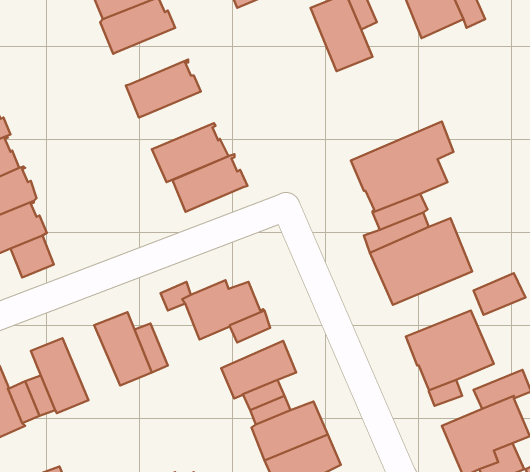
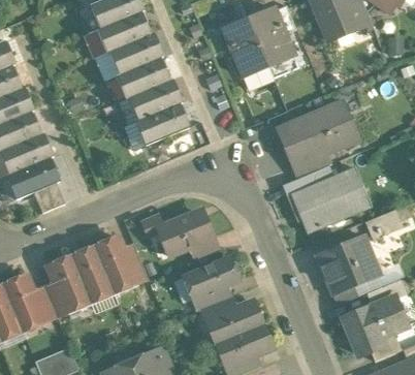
building: none -> [222,20,266,76]
building: none -> [108,33,163,74]
building: [172,154,247,212] -> [128,79,182,120]
building: none -> [70,247,111,301]

